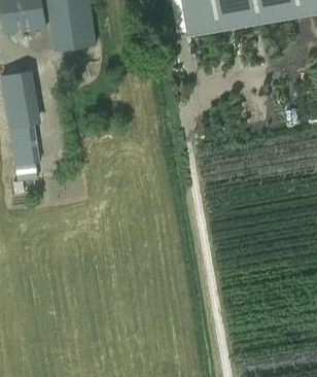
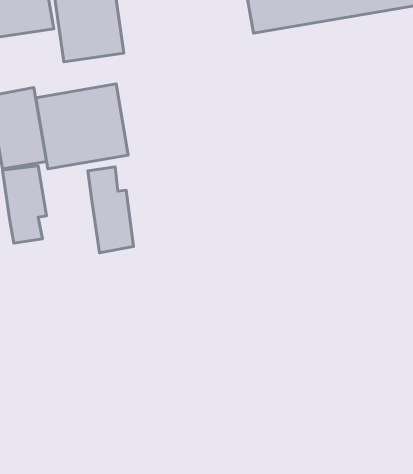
building: none -> [36,84,128,169]
building: none -> [88,167,133,253]

